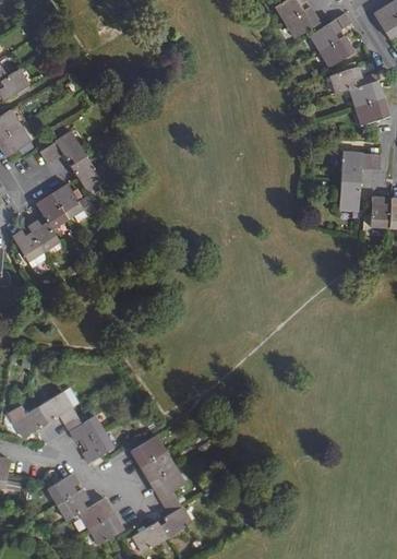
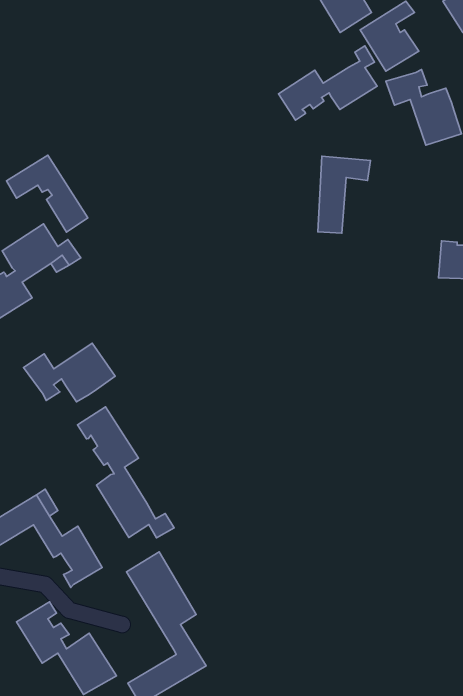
building: none -> [279,46,377,120]
building: [339,151,380,210] -> [318,156,370,233]
building: none -> [23,343,115,402]
building: none -> [78,407,174,538]

